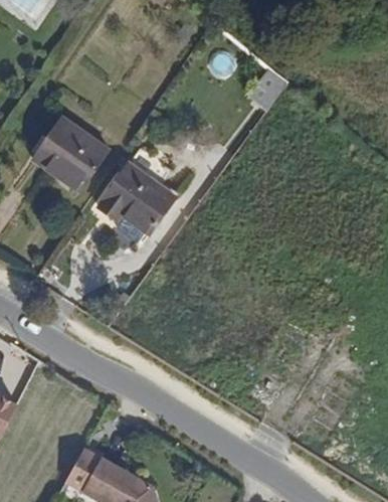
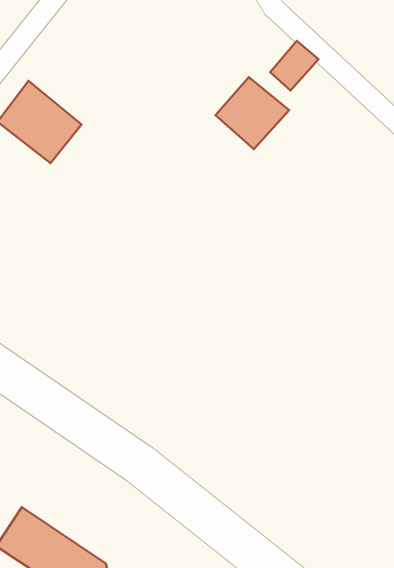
building: none -> [216,77,289,149]
building: [95,161,173,230] -> none

